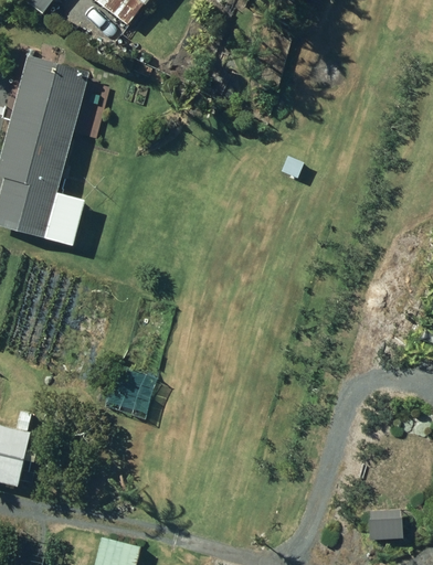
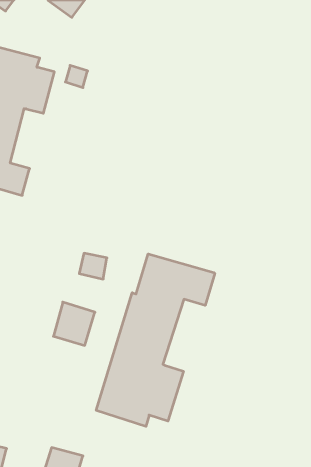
building: none -> [96,254,215,426]

